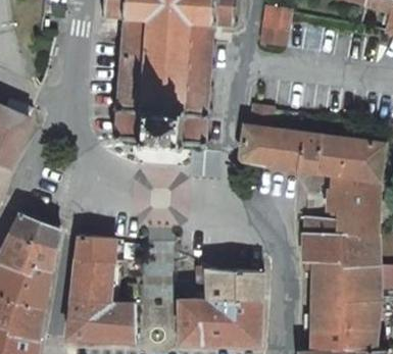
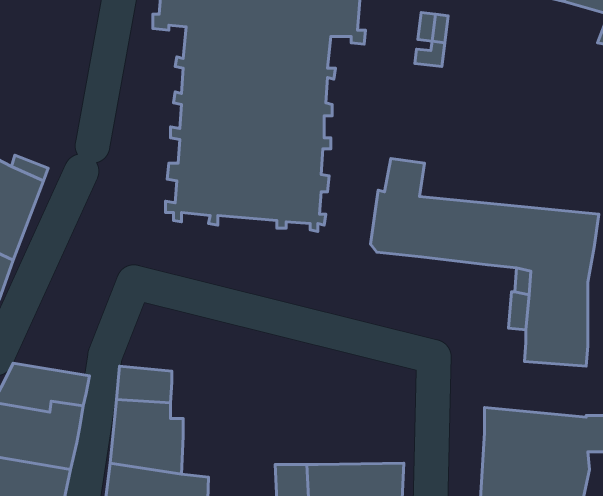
building: [10,214,64,243] -> none
building: [302,218,379,269] -> none
building: [206,267,263,300] -> none

